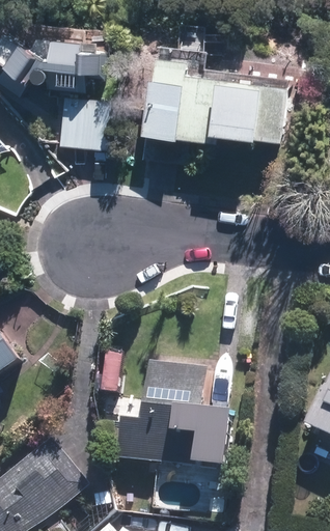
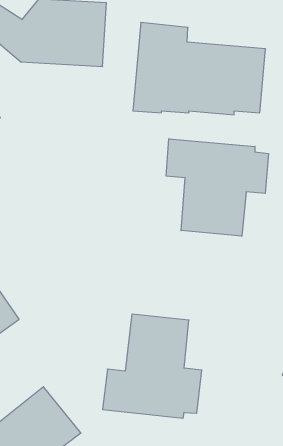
building: [60,100,115,150] -> none
building: none -> [166,139,268,236]

